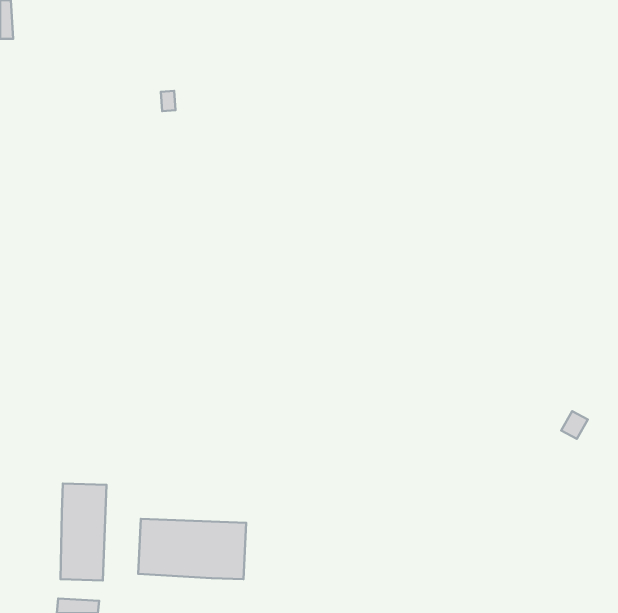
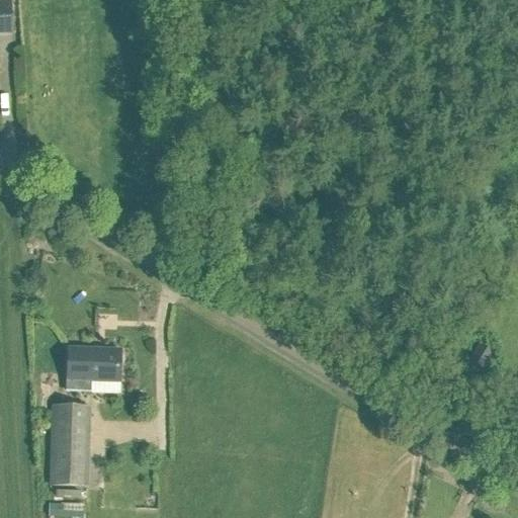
building: none -> [66,346,120,382]
building: [138,519,246,579] -> none

